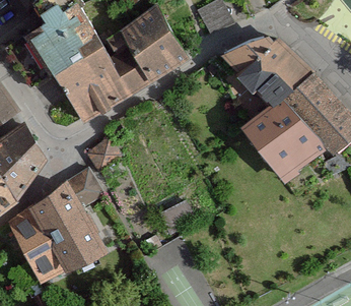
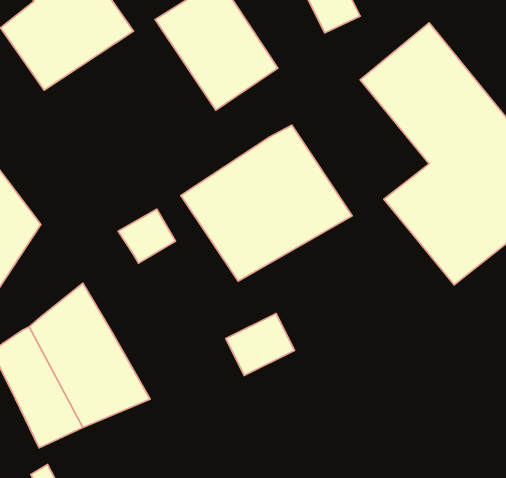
building: [42,24,145,119] -> [181,125,352,281]
building: [65,170,106,211] -> none

